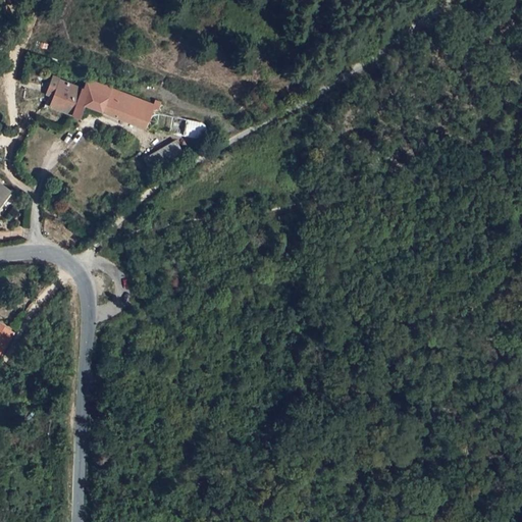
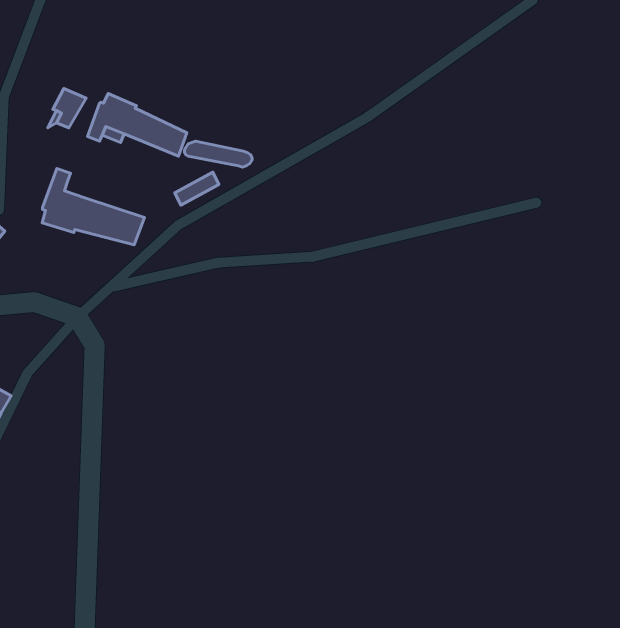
building: [57,82,83,113] -> none
building: none -> [42,168,144,245]

